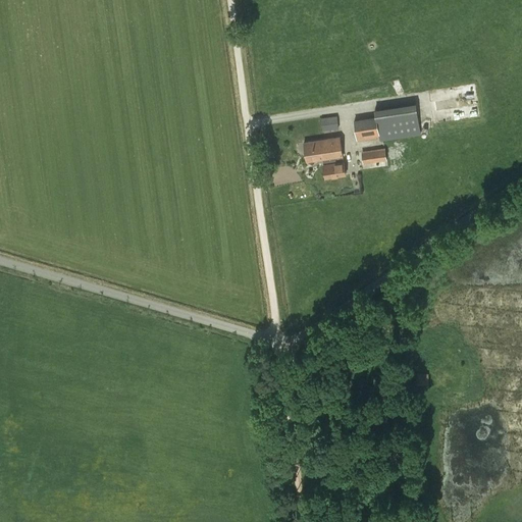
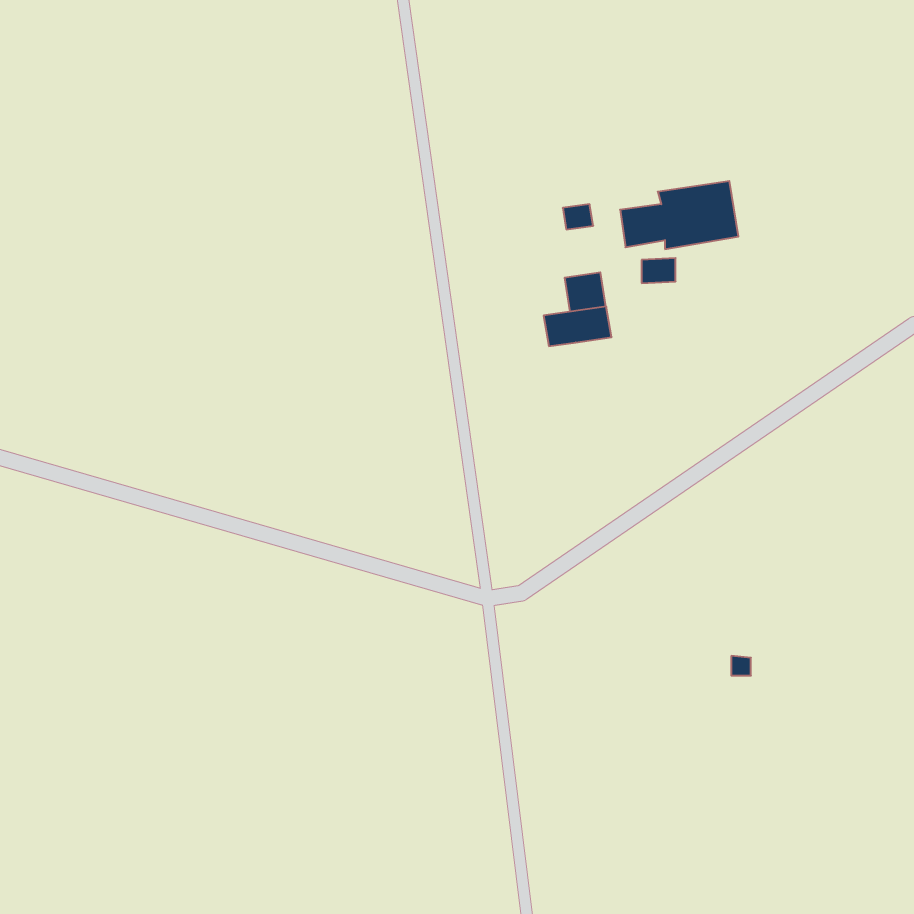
building: [303,139,342,161] -> [544,307,612,346]

